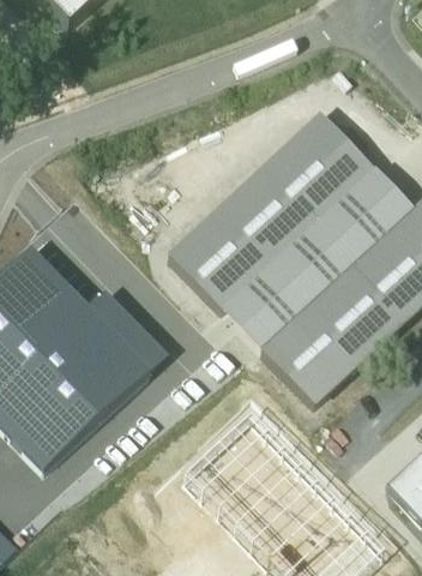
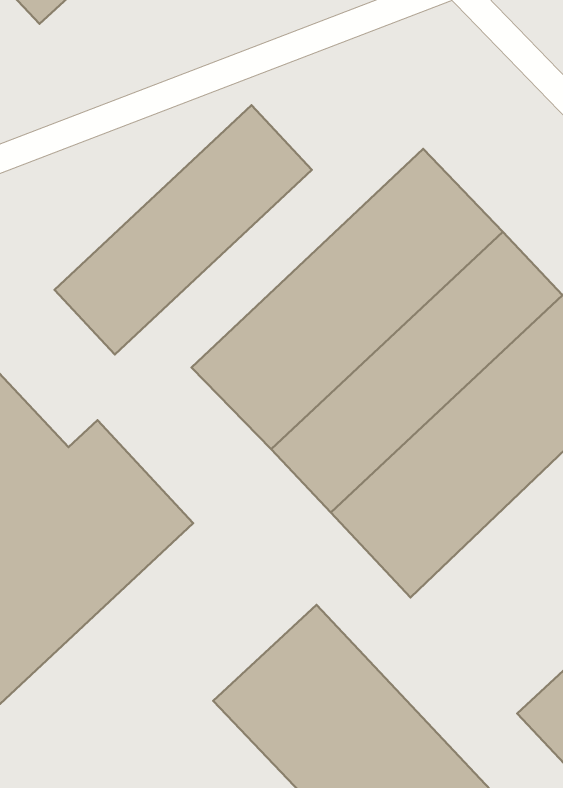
building: none -> [54,105,312,355]

